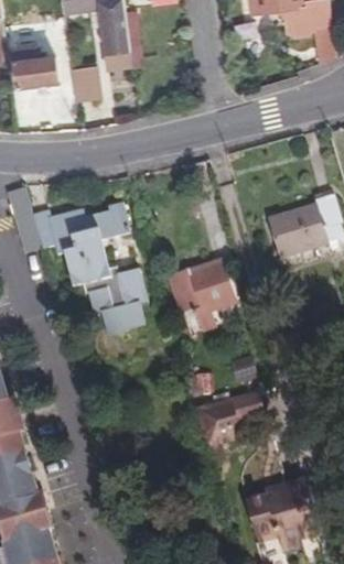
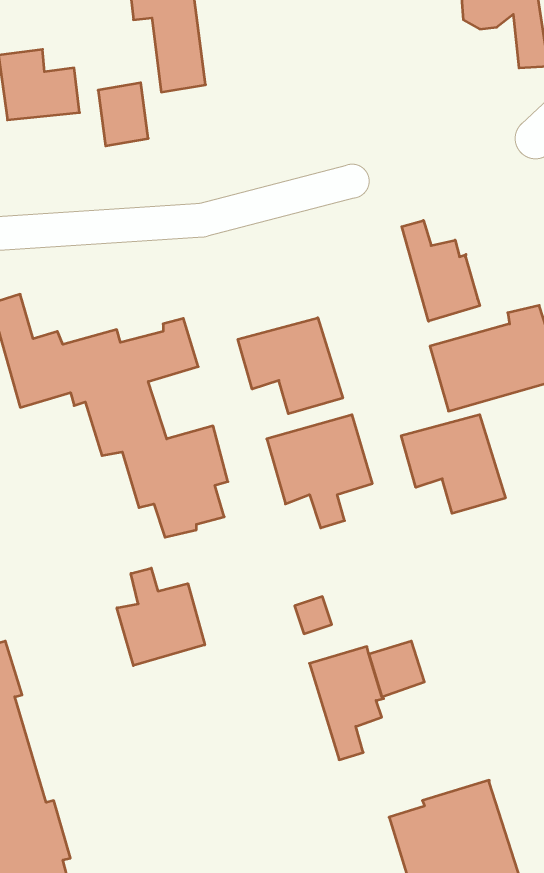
building: none -> [402,220,480,321]
building: none -> [238,318,343,414]
building: none -> [401,415,505,513]
building: none -> [117,568,205,666]

